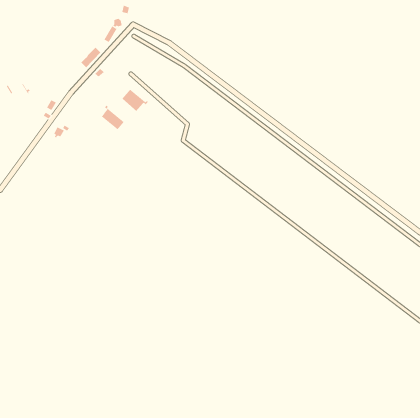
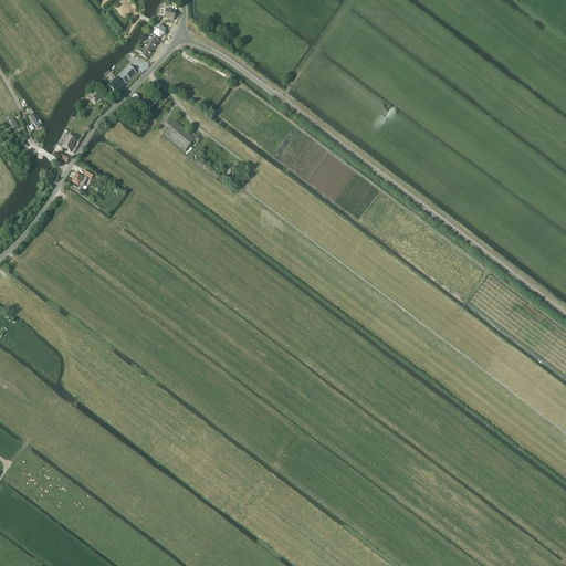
building: [101,105,124,130] -> none

